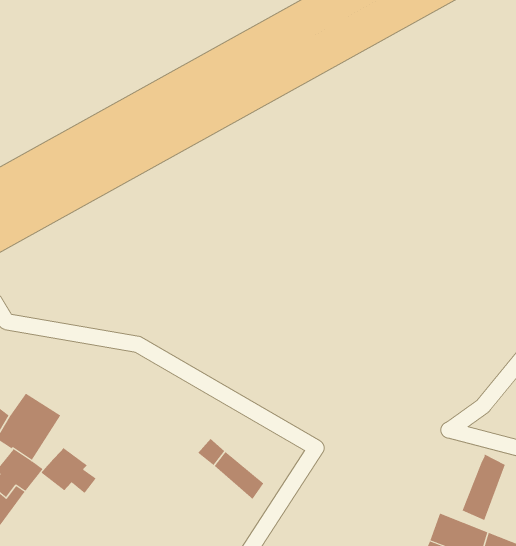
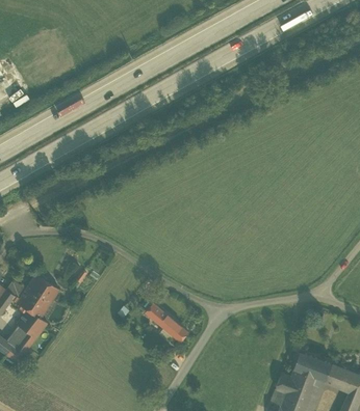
building: [41,447,96,494] -> none
building: [462,453,506,521] -> none

